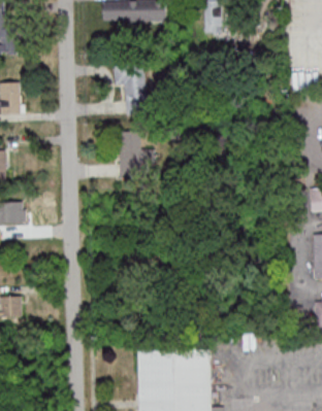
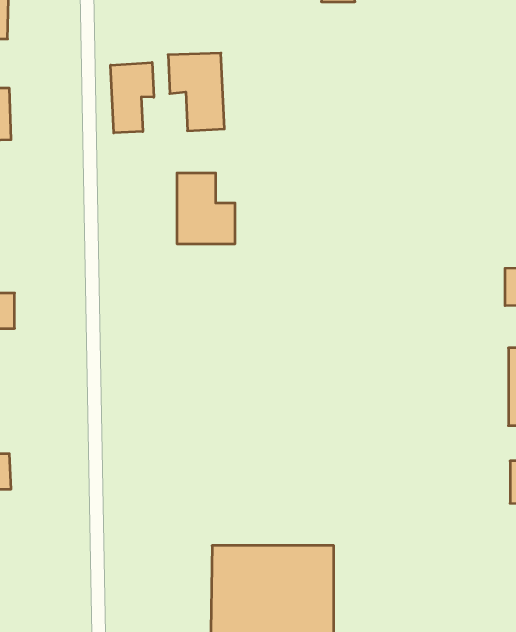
building: none -> [111,62,154,133]

